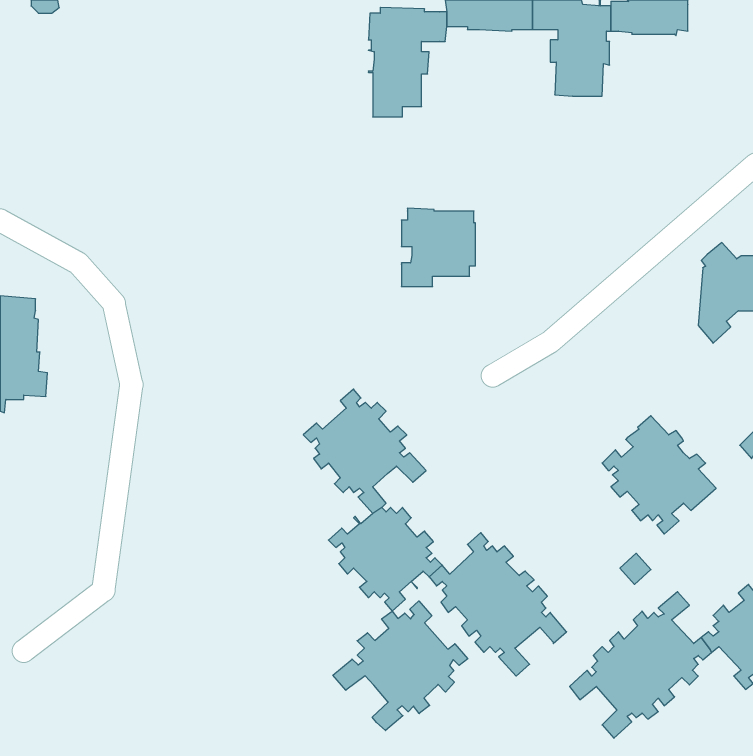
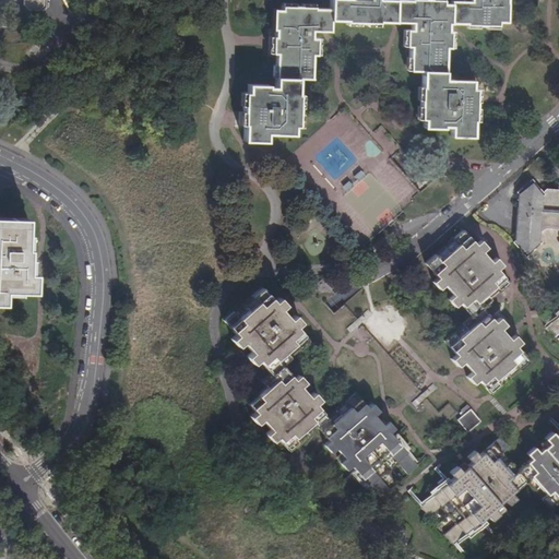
building: none -> [421,71,477,136]
building: [401,208,475,287] -> [246,84,300,142]
building: none -> [425,228,511,316]
building: [333,601,468,731] -> none

